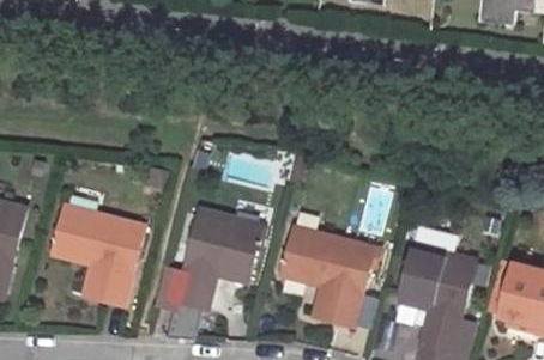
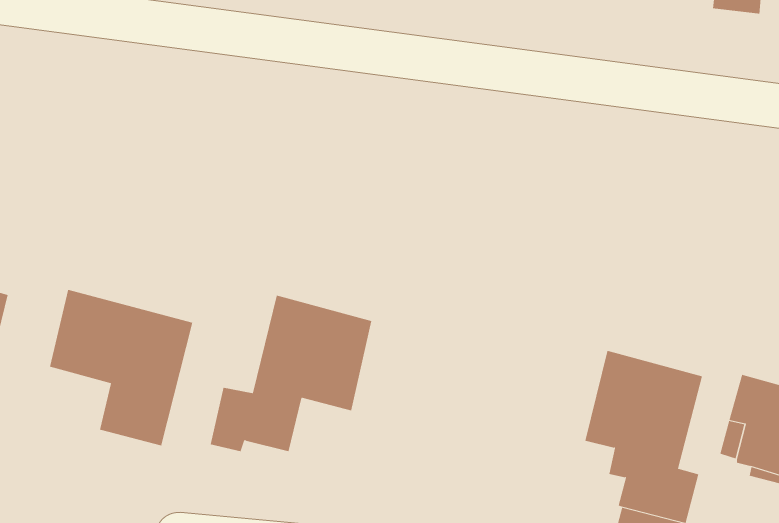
building: [280,225,380,327] -> none

